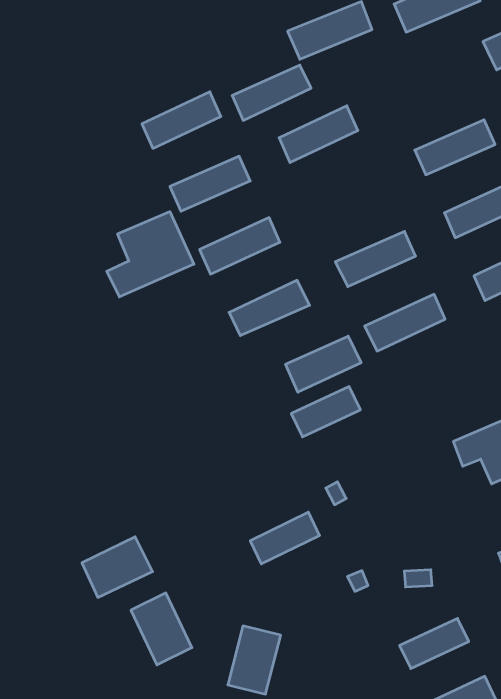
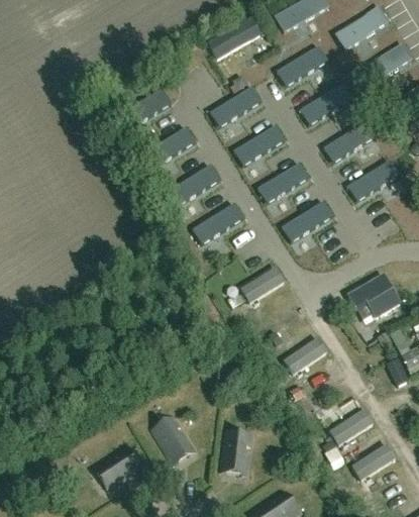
building: none -> [278,44,328,85]
building: [232,65,311,120] -> [234,124,285,165]
building: [107,212,194,297] -> none
building: [286,336,361,392] -> none
building: [250,512,320,564] -> [284,336,328,374]
building: [82,537,153,597] -> [96,445,142,488]

